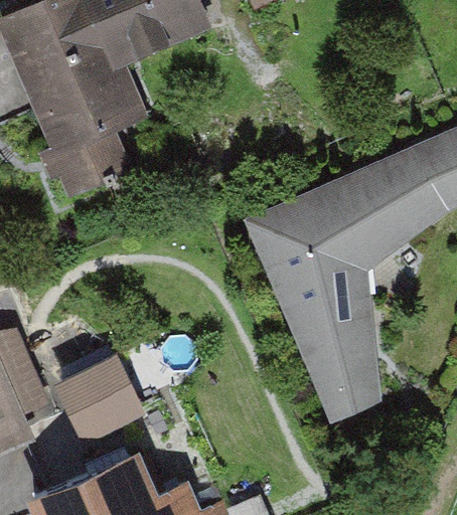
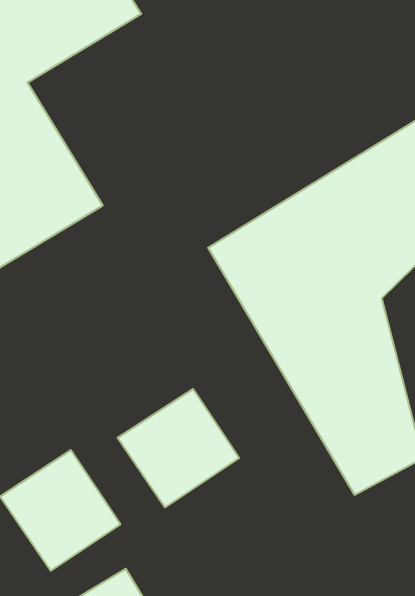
building: none -> [118,389,239,507]

